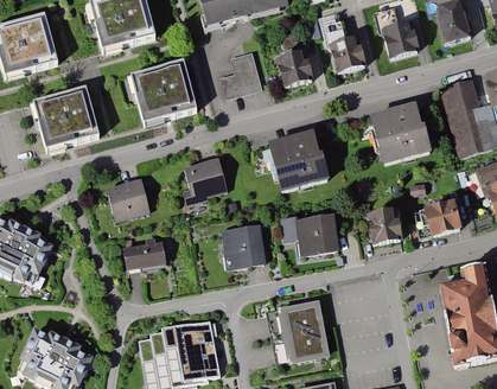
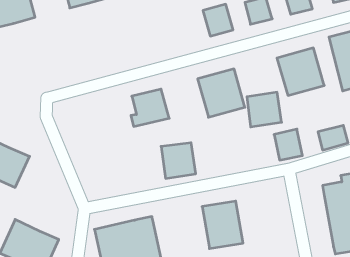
building: [217,51,262,98] -> none
building: [132,60,197,123] -> none
building: [34,88,100,149] -> none
building: [104,178,148,219] -> none
building: [297,213,342,259] -> [247,92,282,127]
building: [121,241,165,273] -> none

